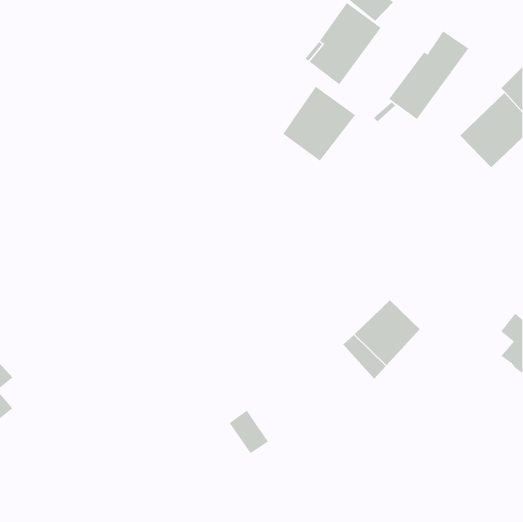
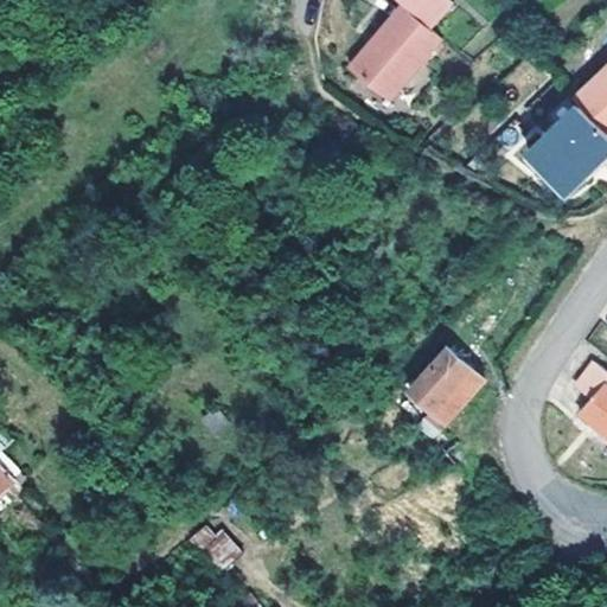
building: [388,31,469,120] -> none
building: [283,86,356,162] -> none
building: [229,410,269,454] -> [191,517,237,568]

